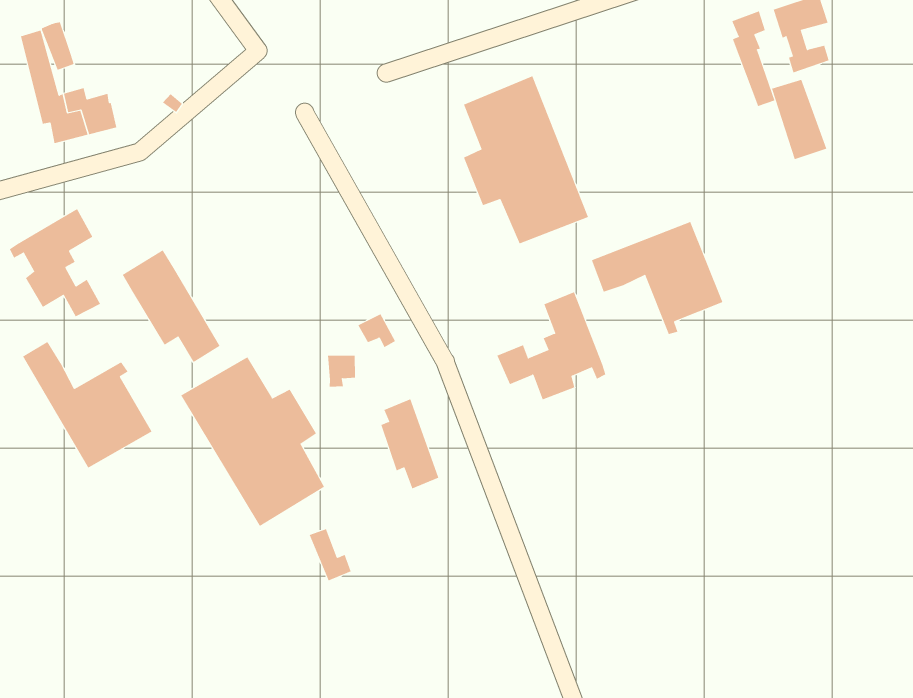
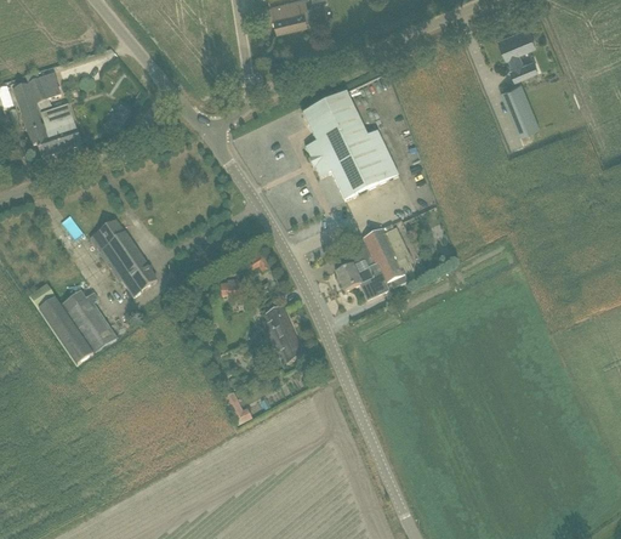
building: [731,11,775,107] -> none
building: [9,208,101,317] -> none
building: [591,221,723,335] -> none
building: [181,356,325,527] -> none

